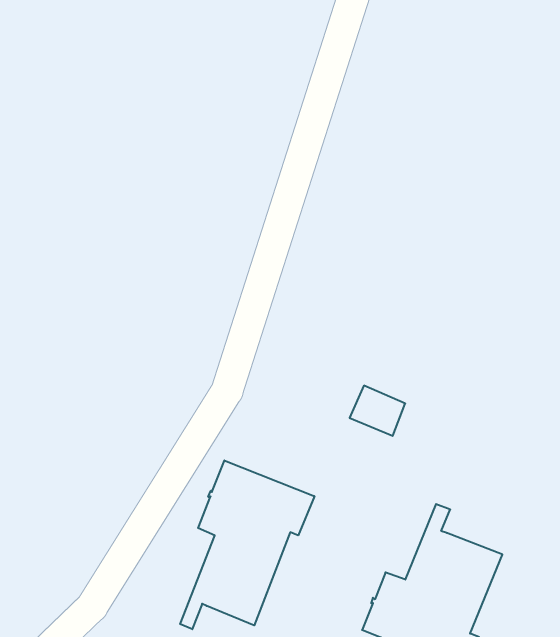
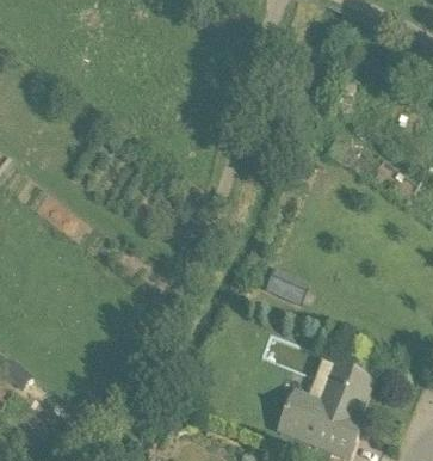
building: [180,460,314,629] -> none

